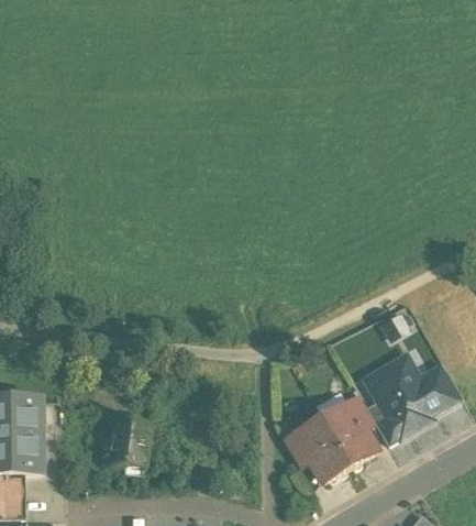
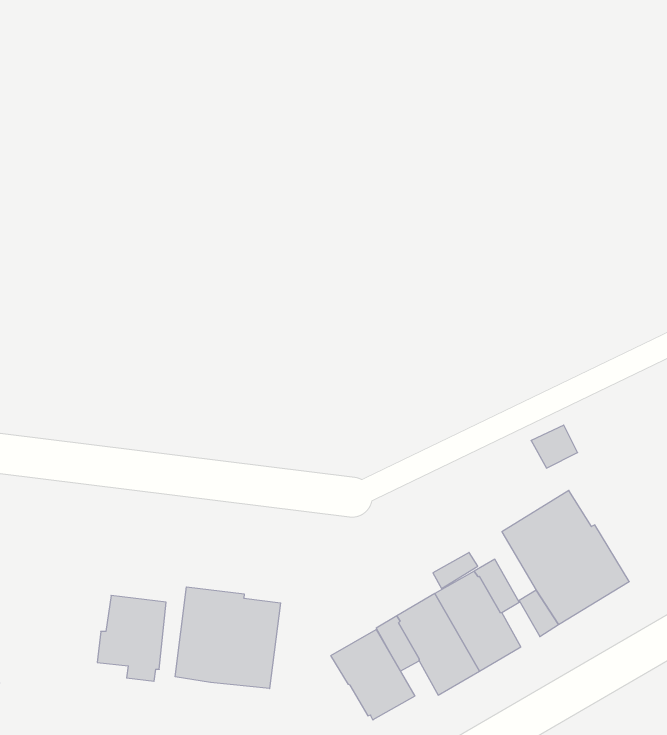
building: [422,362,463,409] -> none
building: none -> [175,587,281,689]
building: none -> [331,630,415,720]

